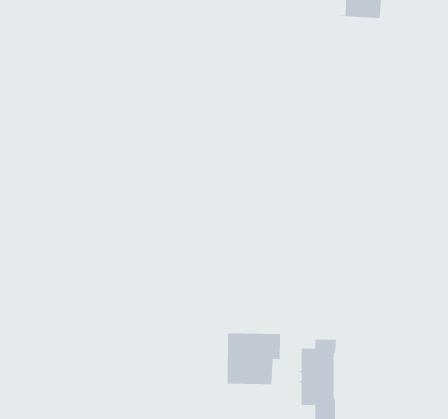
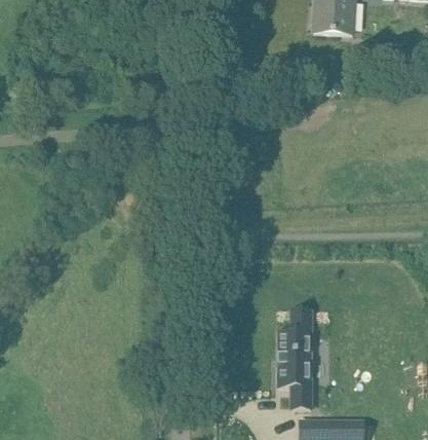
building: [227,333,281,385] -> none

